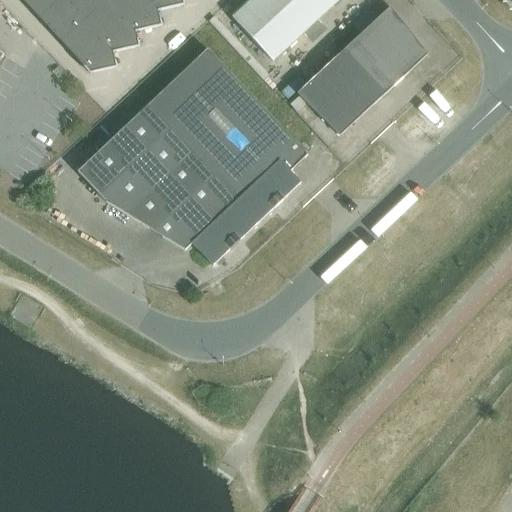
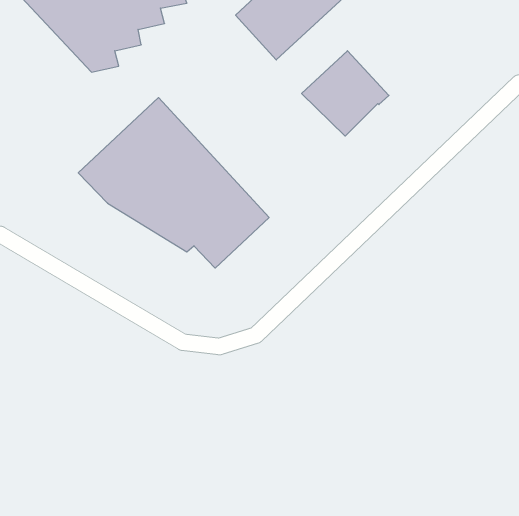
building: [342,5,428,94] -> none
building: [156,47,307,214] -> none

